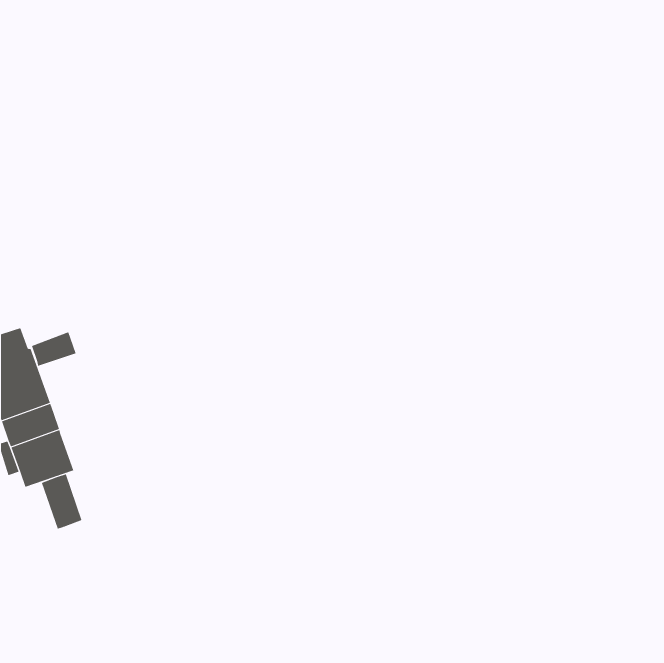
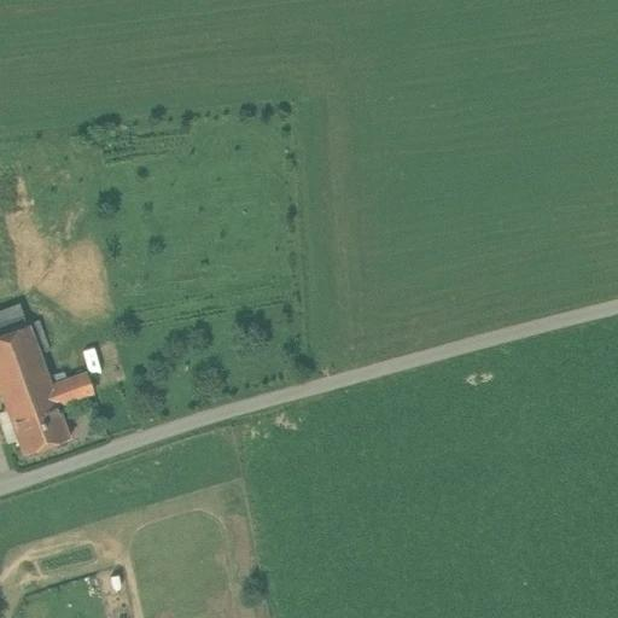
building: [31,331,77,367] -> [51,371,93,403]
building: [41,473,82,529] -> none

